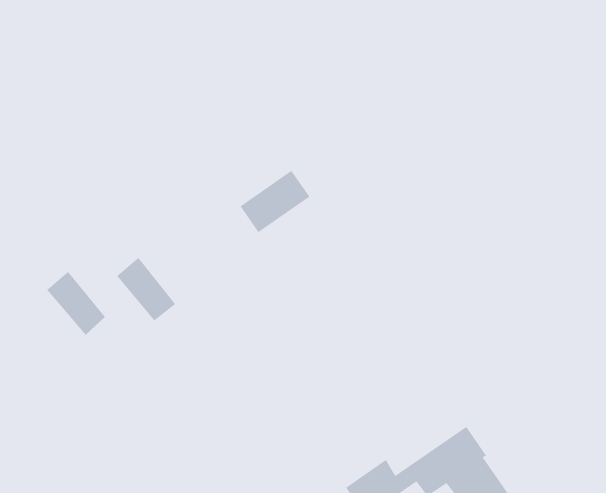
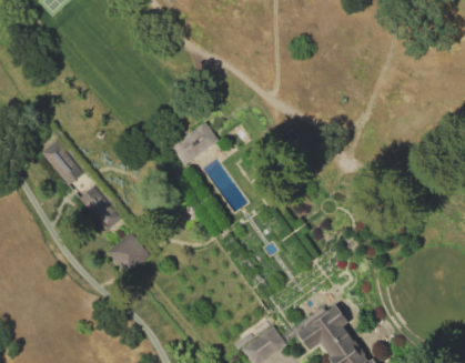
building: [46,271,106,336] -> [44,137,87,182]
building: none -> [110,235,149,274]

